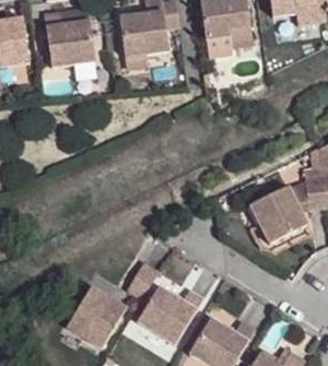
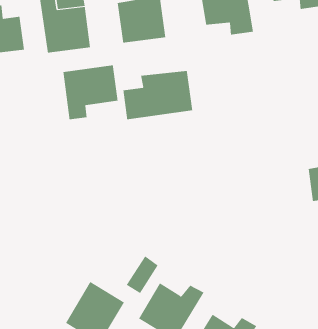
building: none -> [63,64,118,120]
building: none -> [123,70,193,120]
building: [250,186,307,243] -> none

